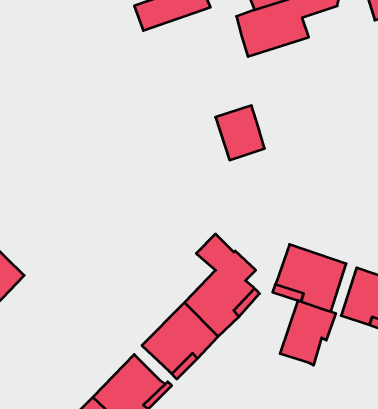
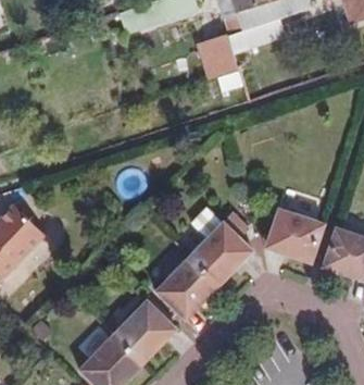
building: [215,106,265,160] -> [205,33,247,78]
building: [280,300,336,365] -> none

